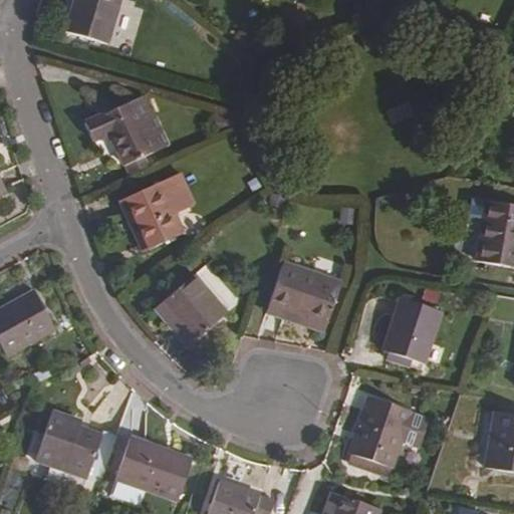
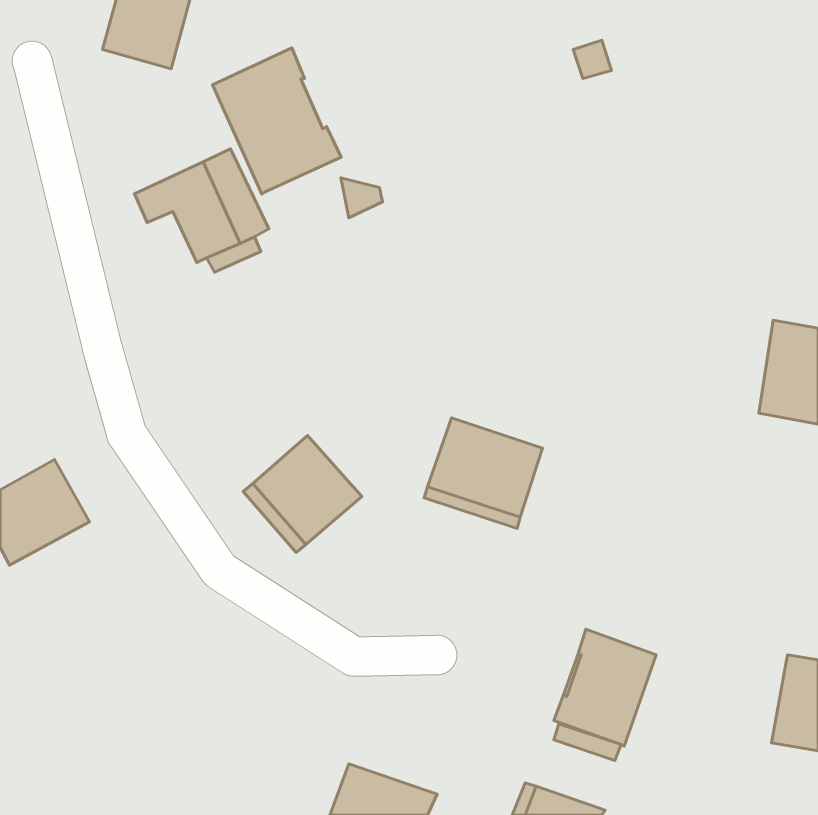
building: none -> [212,48,341,194]
building: [118,172,193,251] -> none
building: [381,297,441,363] -> none
building: [35,411,117,482] -> none
building: [115,436,192,499] -> none

